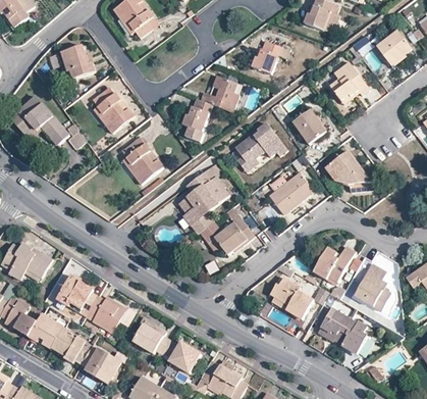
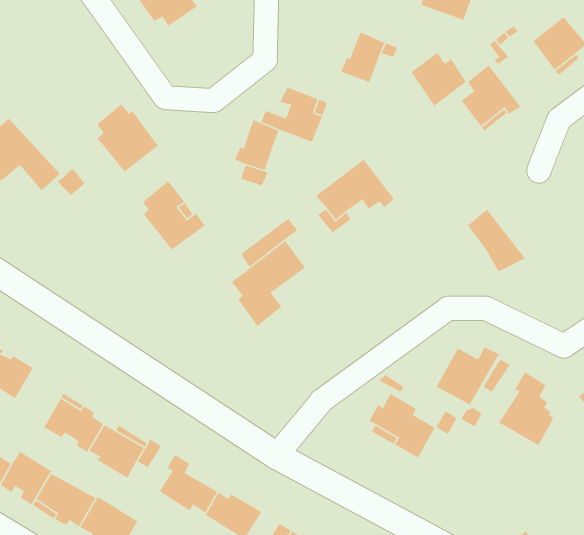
building: [60,45,95,78] -> none
building: [292,108,329,144] -> [411,52,467,107]
building: [324,150,372,183] -> none
building: [268,171,313,214] -> none
building: [199,214,254,254] -> none
building: [318,308,367,353] -> none

